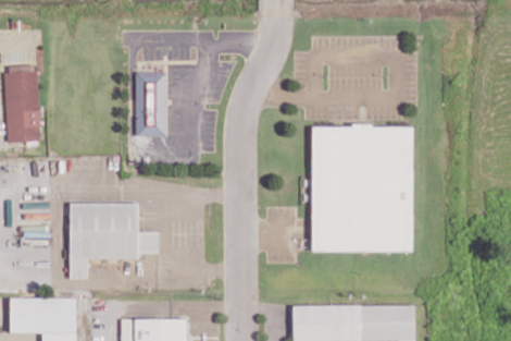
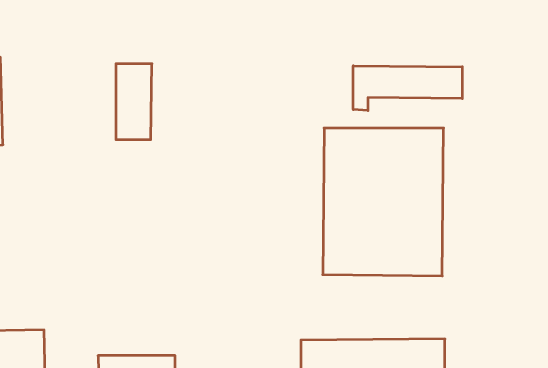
building: none -> [353,66,462,111]
building: [70,203,159,279] -> none

